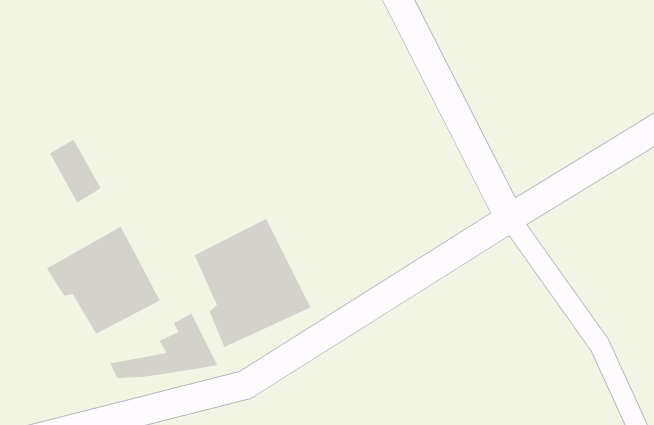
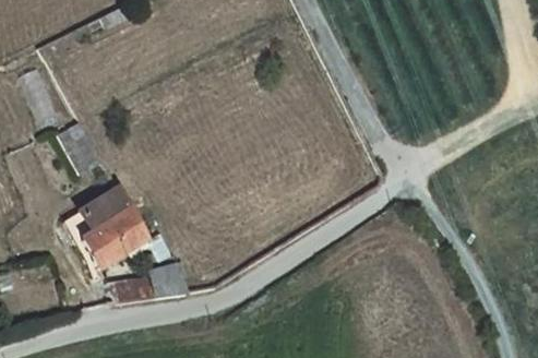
building: [194,218,312,348] -> none

